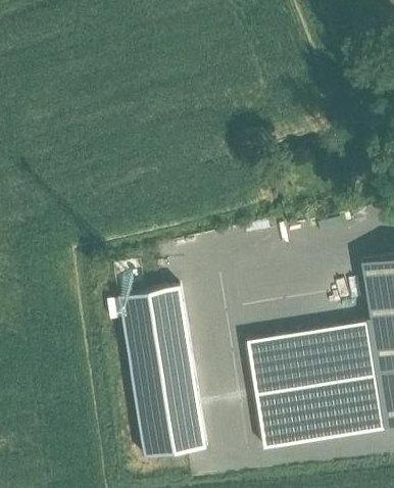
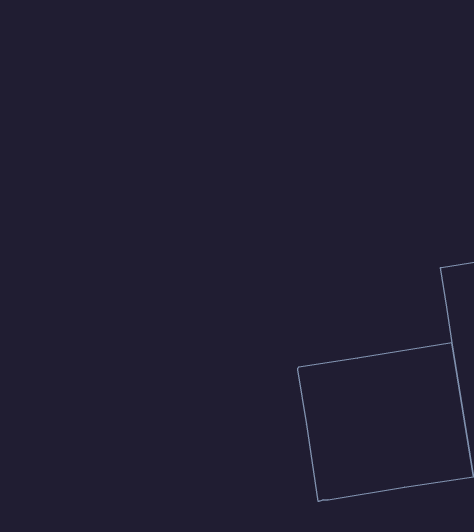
building: [118,286,206,456] -> none

